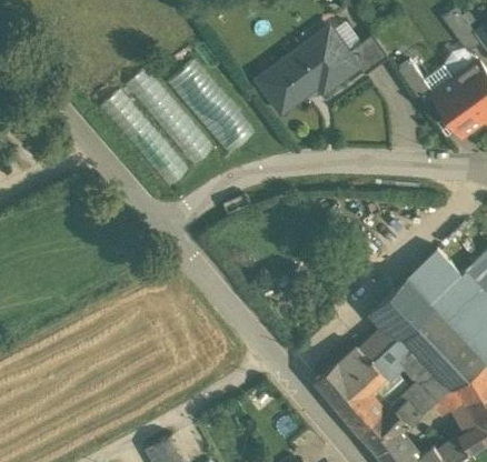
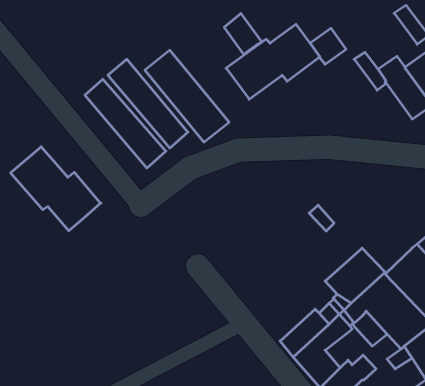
building: none -> [224,13,262,55]
building: none -> [11,147,101,231]
building: [407,252,463,308] -> none
building: [408,375,450,414] -> none

